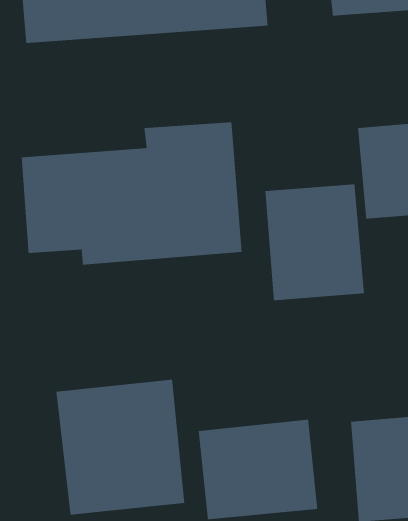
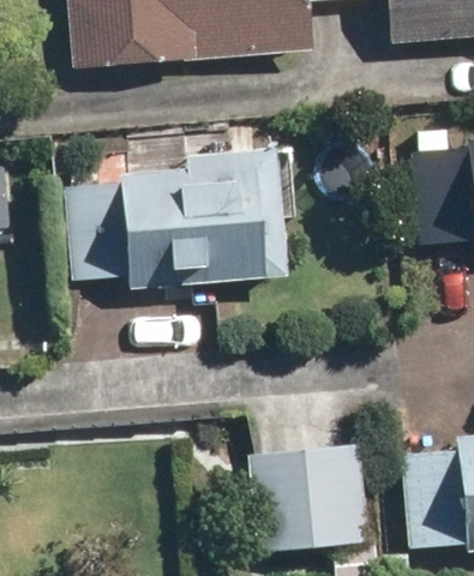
building: [264,183,365,301] -> none
building: [56,379,185,516] -> none

